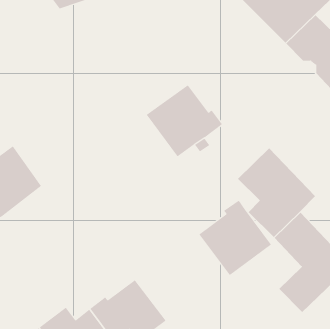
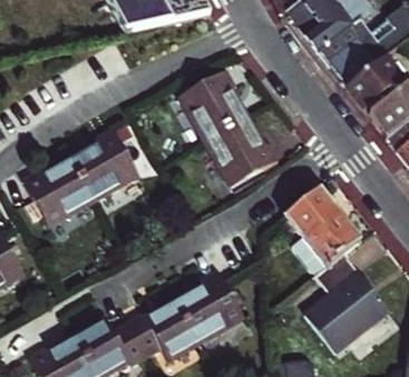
building: none -> [181,70,250,142]
building: none -> [72,127,140,199]
building: [198,200,272,276] -> [176,271,246,344]

